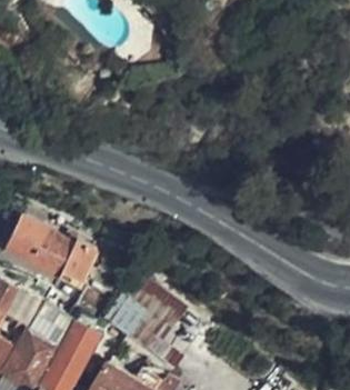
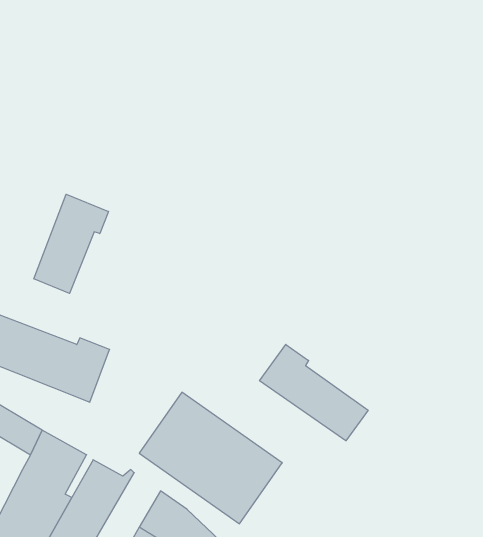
building: none -> [34,194,108,293]
building: none -> [260,344,368,441]

